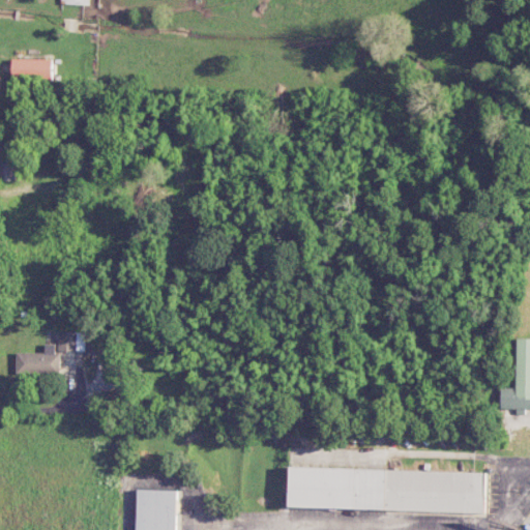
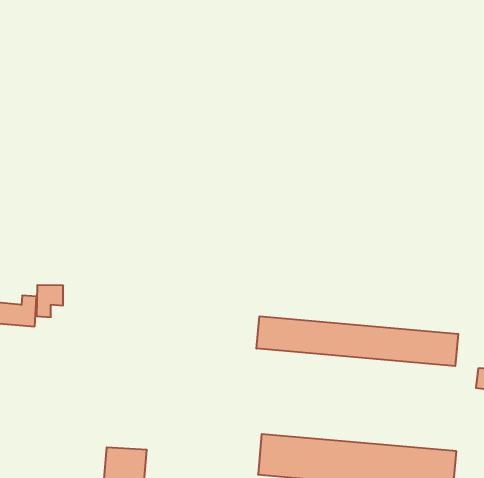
building: [11,59,52,81] -> none
building: none -> [256,316,458,366]

